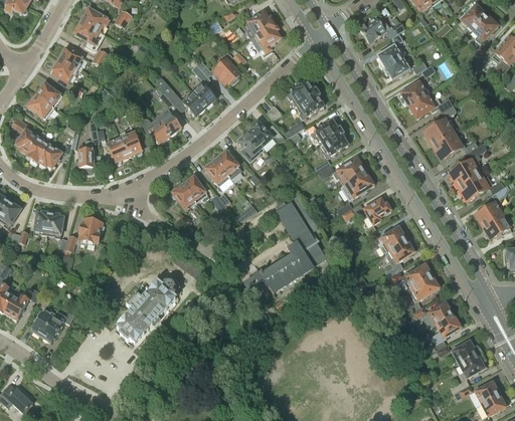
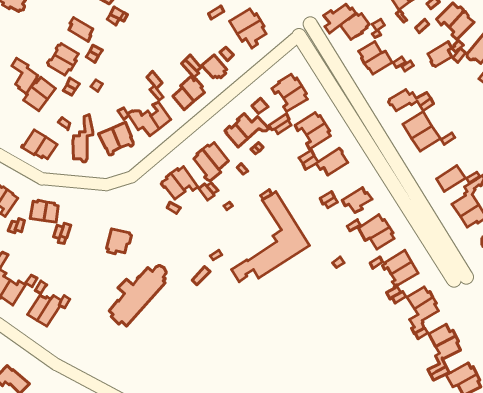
building: none -> [324,4,356,33]
building: [79,8,110,32] -> none
building: [401,79,426,106] -> [428,41,452,66]
building: [12,118,39,155] -> [12,58,38,94]
building: [450,160,480,189] -> none
building: [345,172,374,200] -> none
building: [78,218,105,244] -> [107,229,132,254]

